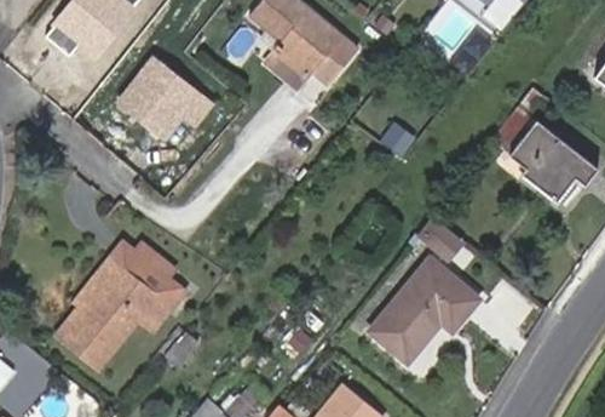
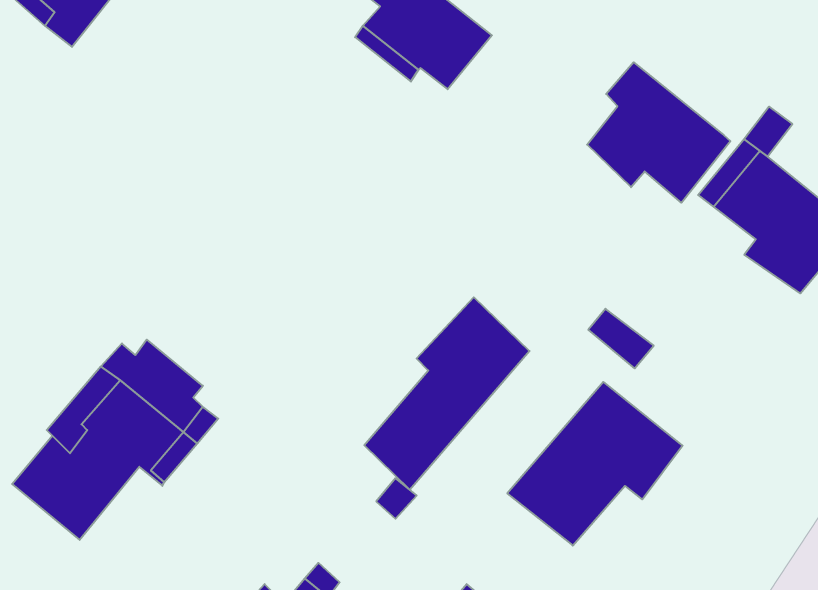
building: [116,57,208,136] -> none
building: none -> [587,62,730,203]
building: none -> [364,297,530,490]

